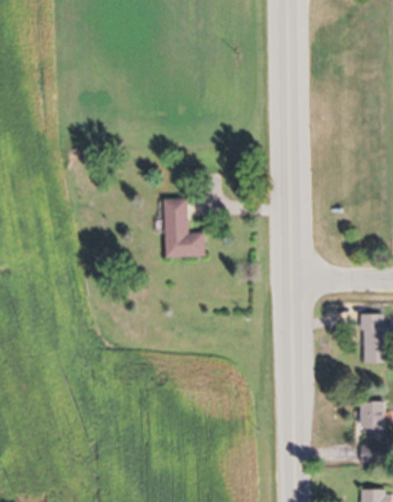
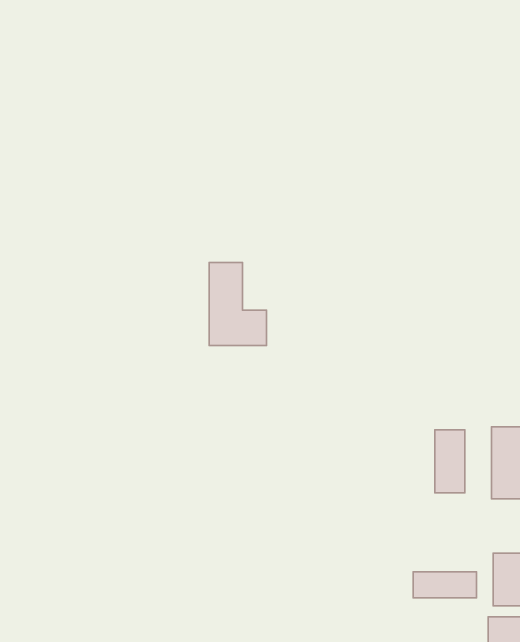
building: none -> [435,430,465,493]
building: none -> [413,572,477,598]

